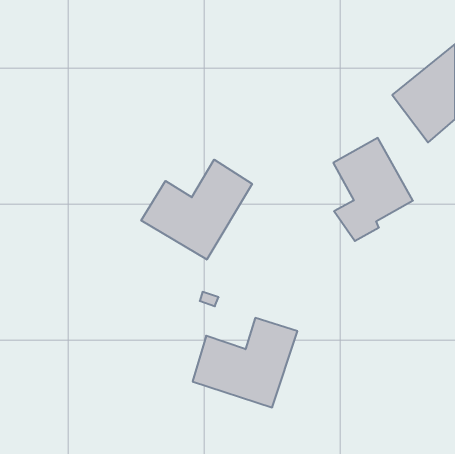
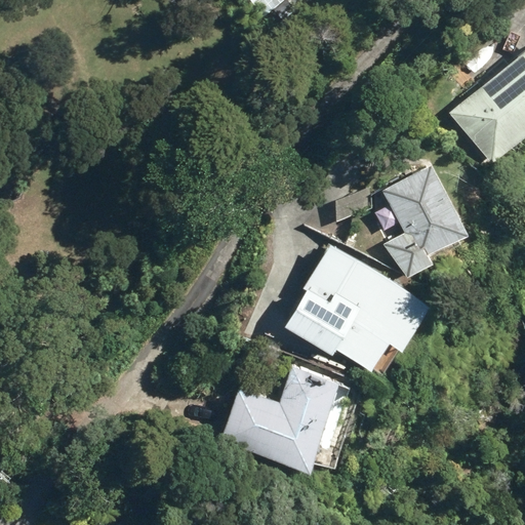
building: [141,160,252,260] -> none
building: none -> [296,243,415,374]

